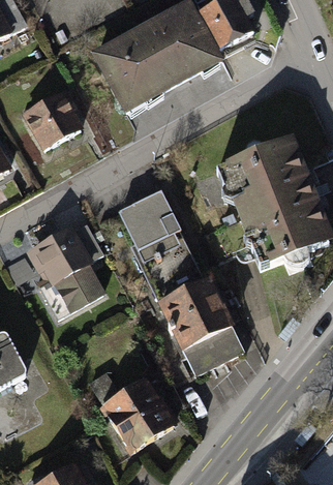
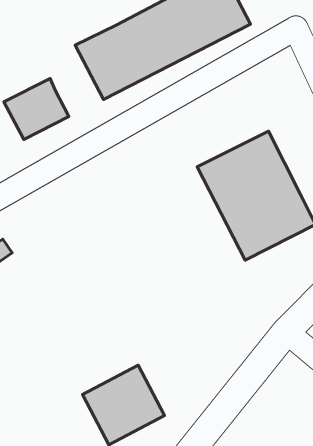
building: [117,183,248,366] -> none
building: [27,222,110,315] -> none

